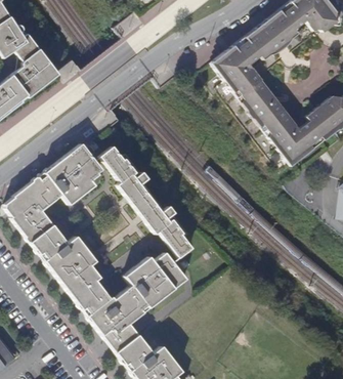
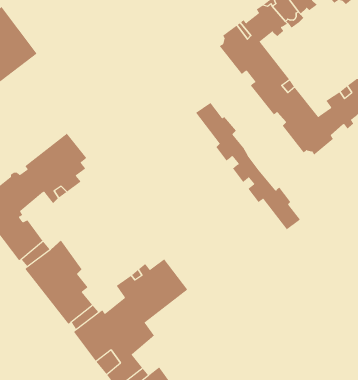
building: [100,146,191,257] -> [195,102,301,230]

